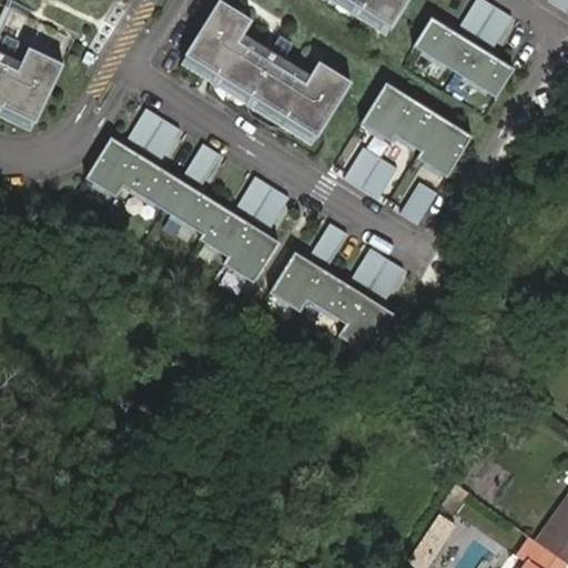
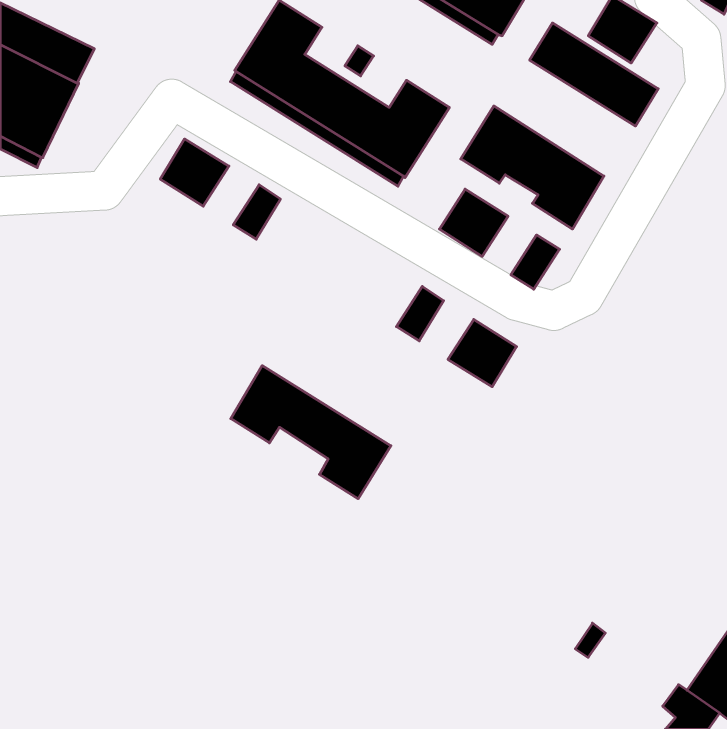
building: [87,136,280,282] -> none
building: [236,175,290,229] -> none
building: [270,251,394,354] -> [231,366,391,499]

